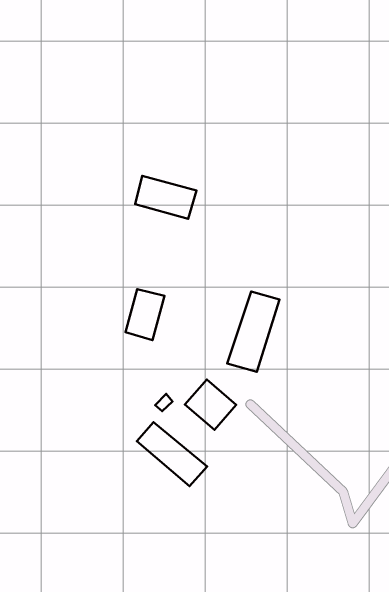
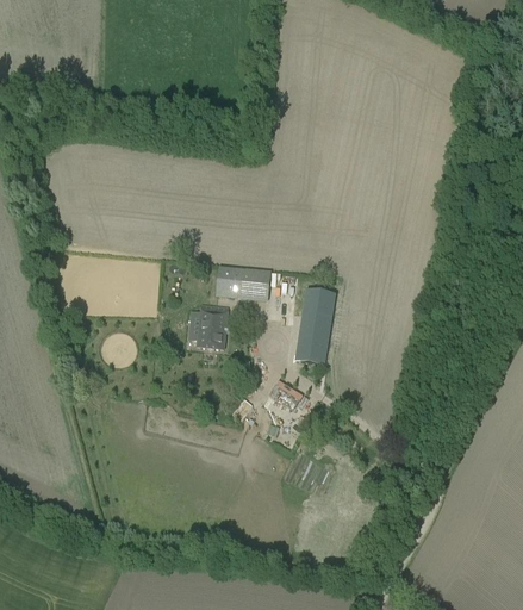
building: [135,176,197,219] -> [214,267,269,300]
building: [137,422,207,486] -> none

